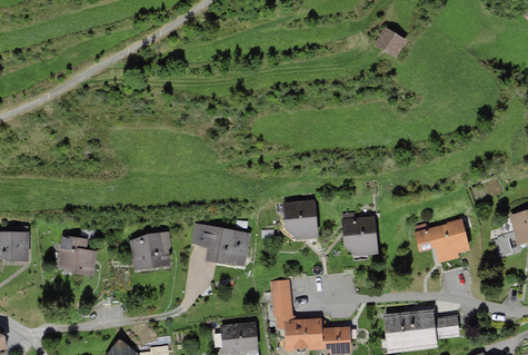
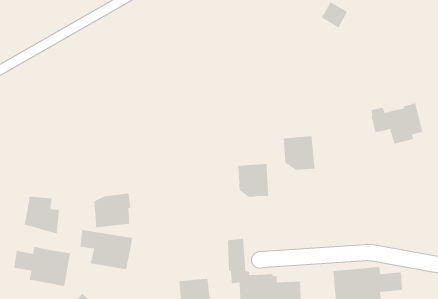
building: [341,217,376,254] -> [283,136,315,170]
building: [414,218,469,263] -> [371,103,423,145]
building: [193,224,250,267] -> [79,229,133,270]
building: none -> [13,246,71,287]

